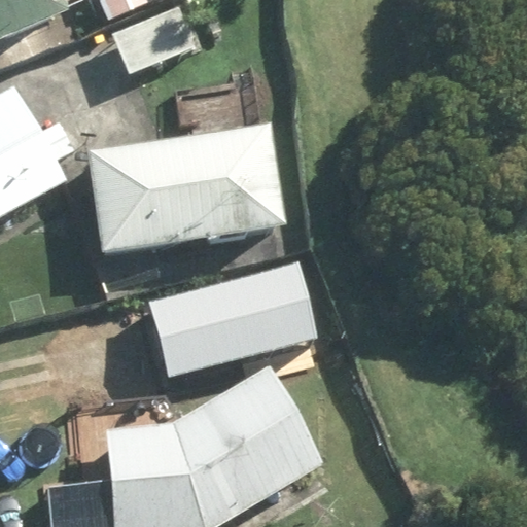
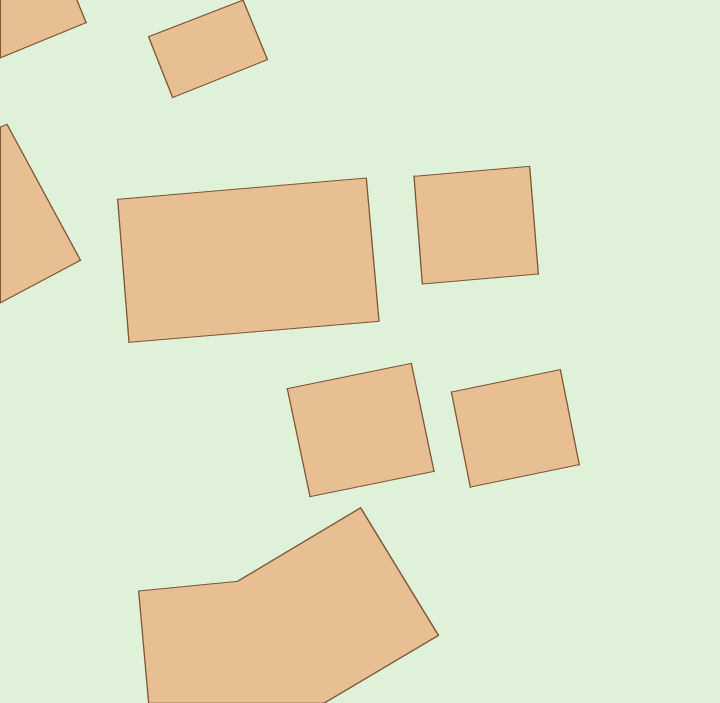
building: none -> [414,166,538,284]
building: none -> [451,370,579,487]

